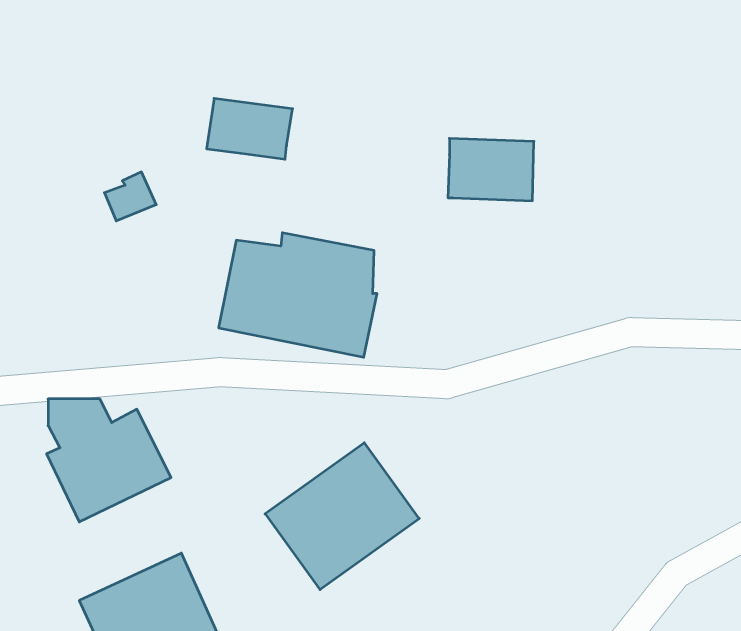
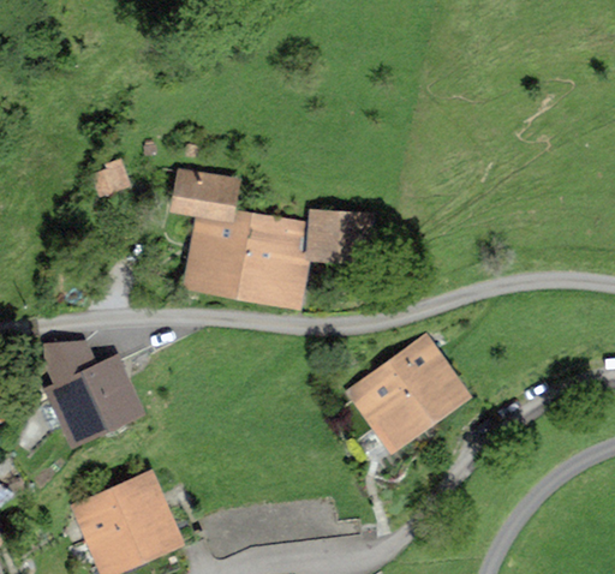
building: [207,98,293,159] -> [169,171,239,220]
building: [448,138,534,201] -> [308,210,377,261]
building: [265,443,419,590] -> [346,334,471,453]

